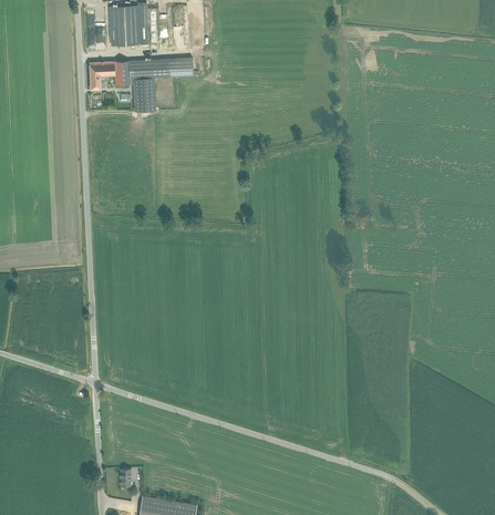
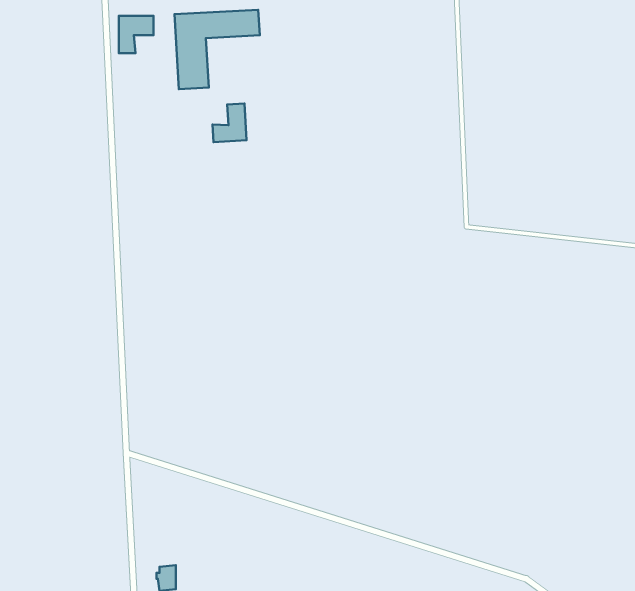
building: none -> [213,104,246,142]

